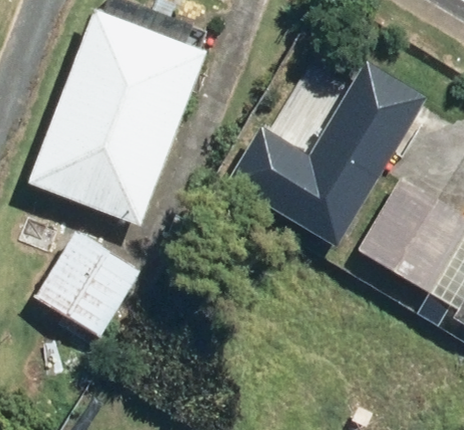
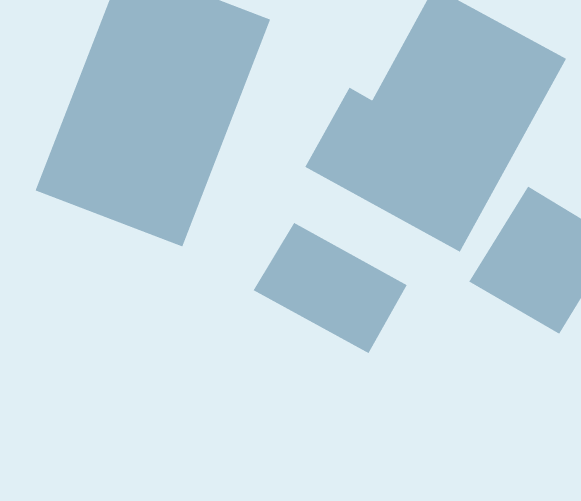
building: none -> [253,222,408,354]
building: [34,235,137,338] -> none

